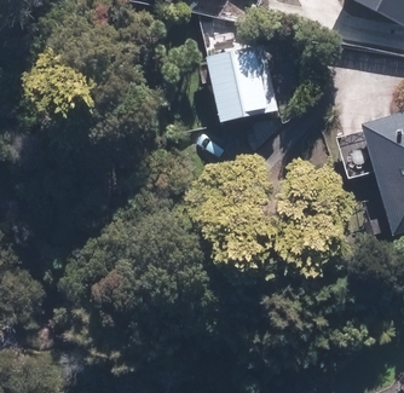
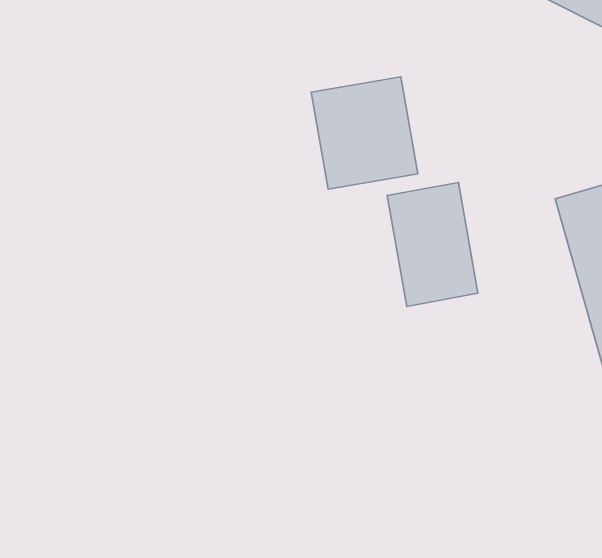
building: none -> [387,182,478,306]

